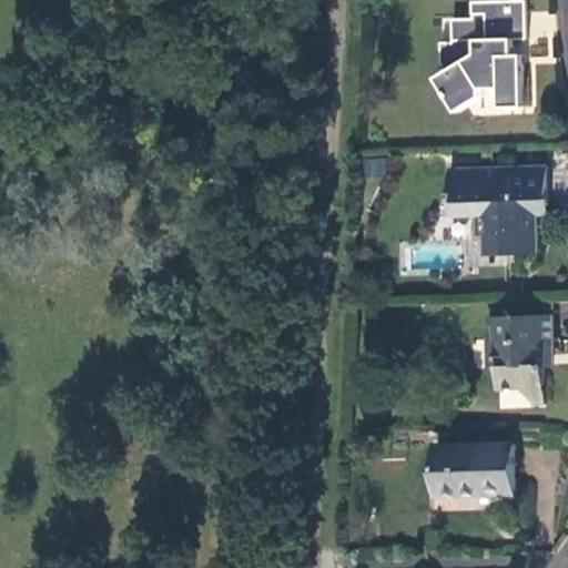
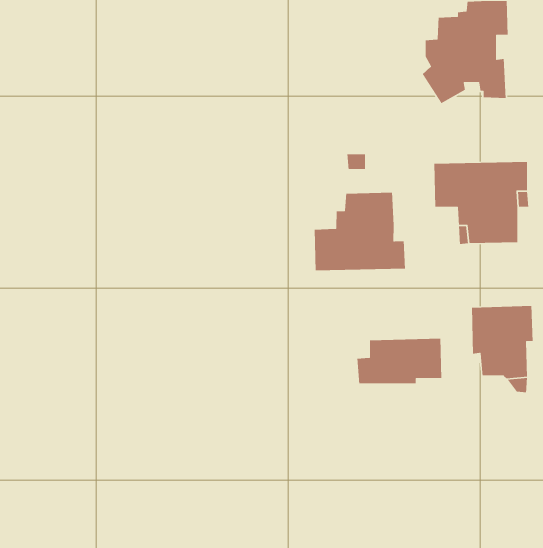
building: none -> [314,192,406,271]
building: [420,446,509,494] -> [356,338,442,384]

